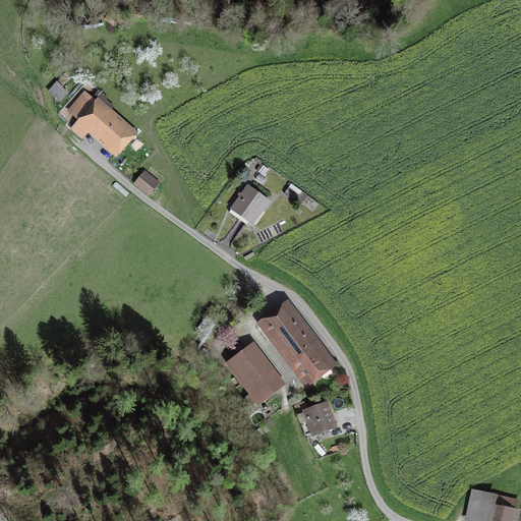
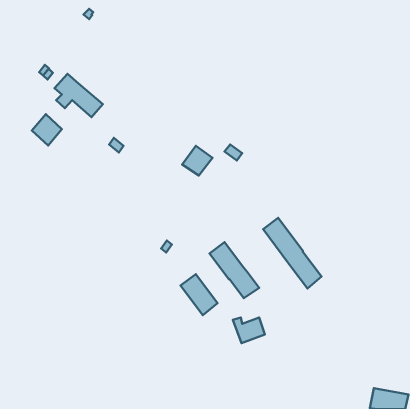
building: none -> [32,114,62,145]
building: none -> [263,218,321,289]

